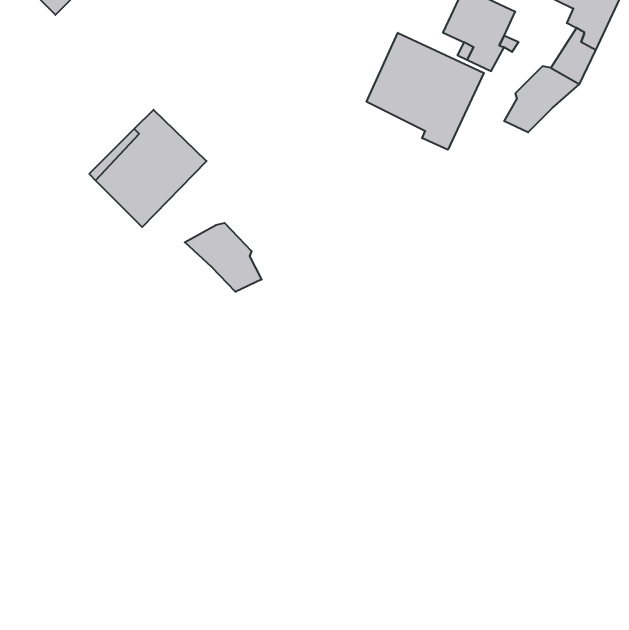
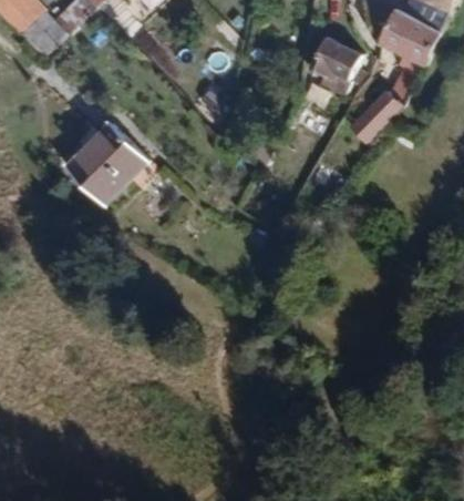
building: [367,33,484,150] -> none
building: [185,223,262,292] -> none

